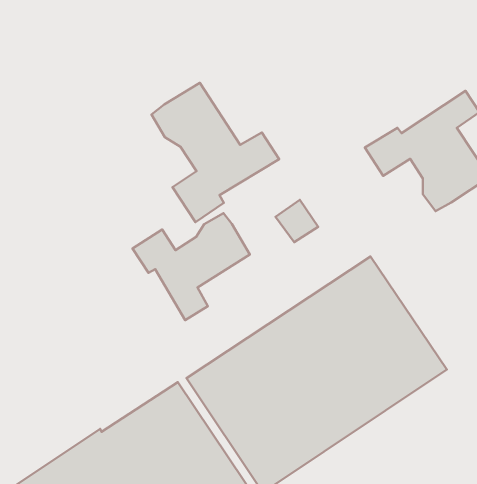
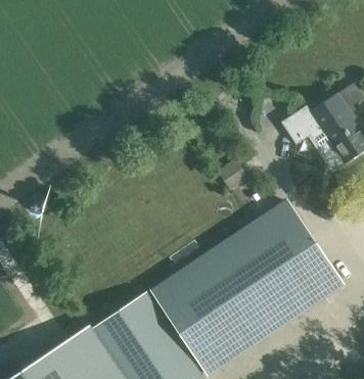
building: [152,83,279,222] -> none
building: [132,213,250,320] -> none

